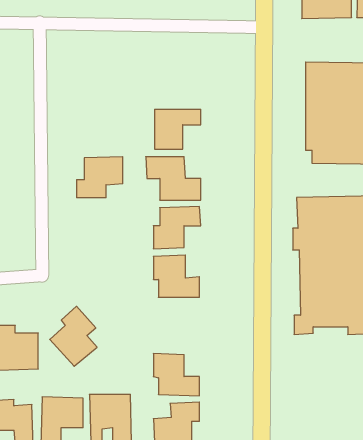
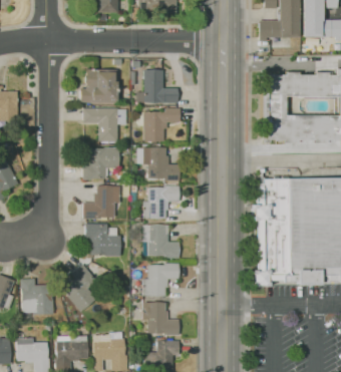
building: none -> [80,69,116,103]
building: none -> [136,69,179,103]
building: none -> [83,107,126,141]
building: none -> [83,185,120,218]
building: none -> [85,223,120,256]
building: none -> [143,264,180,296]

